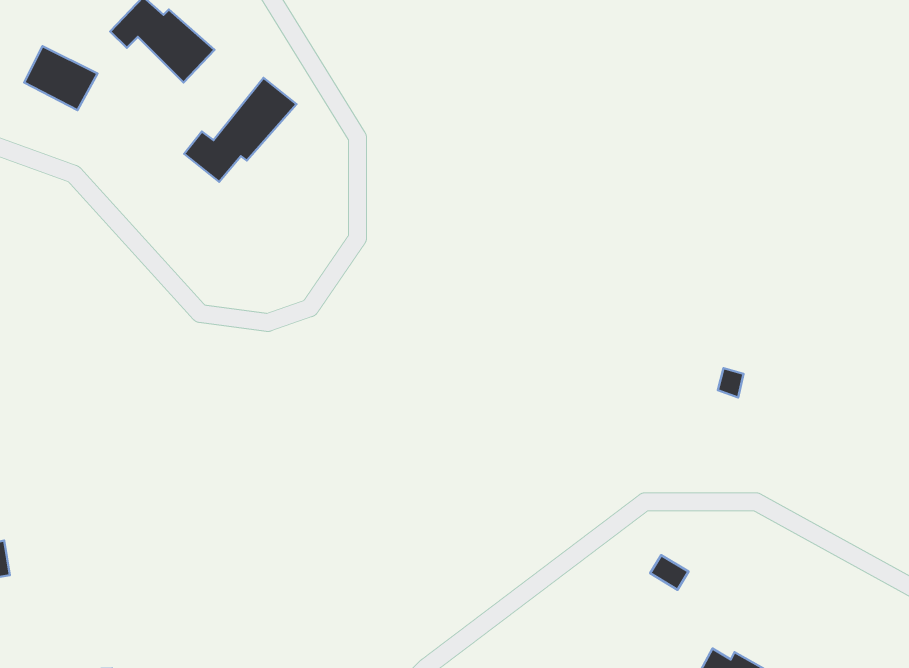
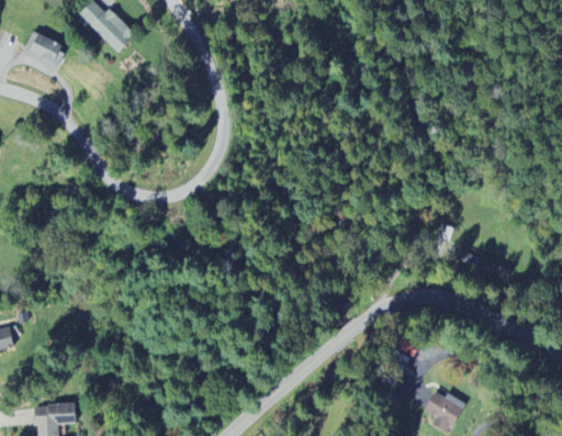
building: [184,78,296,182] -> none

